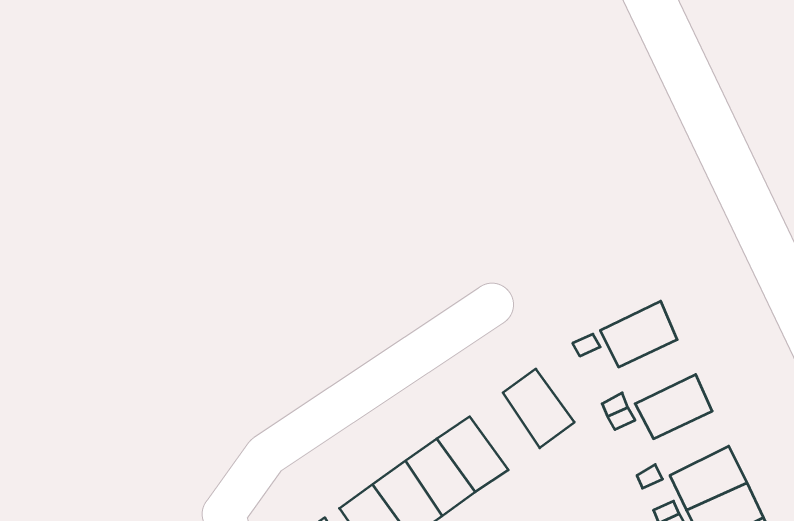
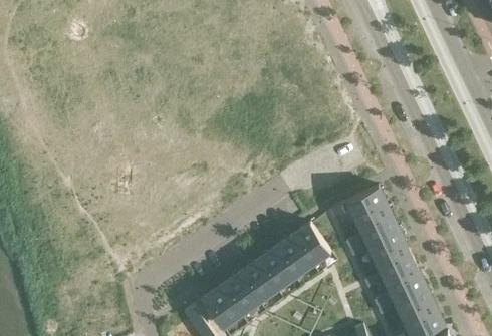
building: none -> [354,208,397,243]
building: none -> [273,237,311,279]
building: none -> [374,247,415,282]

